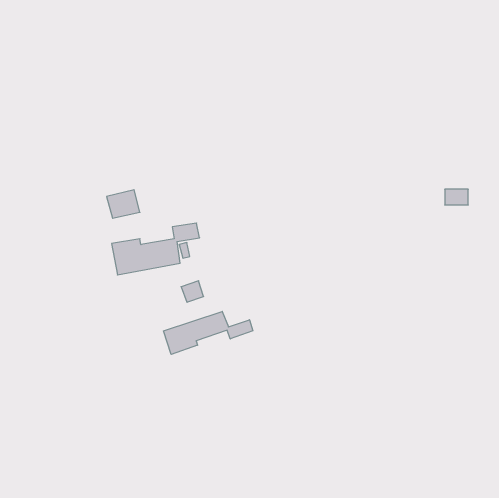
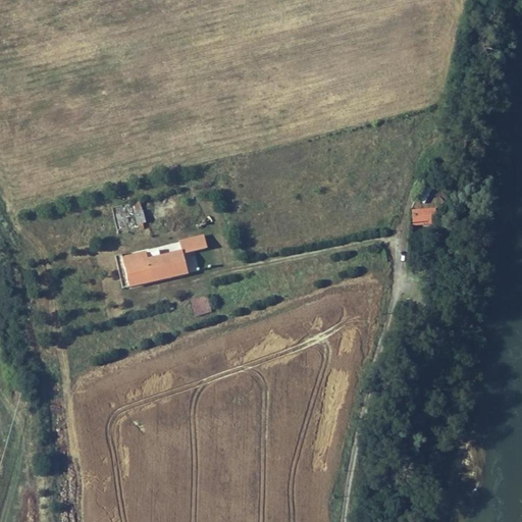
building: [445,189,468,205] -> [413,207,437,223]
building: [163,311,253,354] -> none

